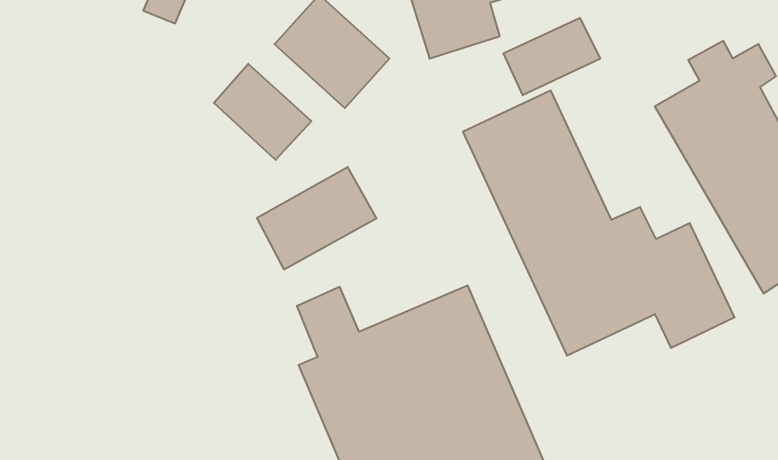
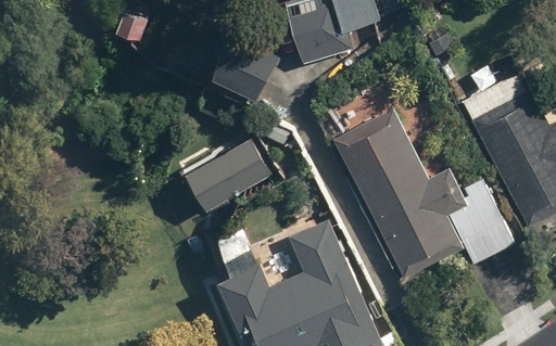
building: [503,18,600,95] -> none
building: [214,64,311,160] -> none

